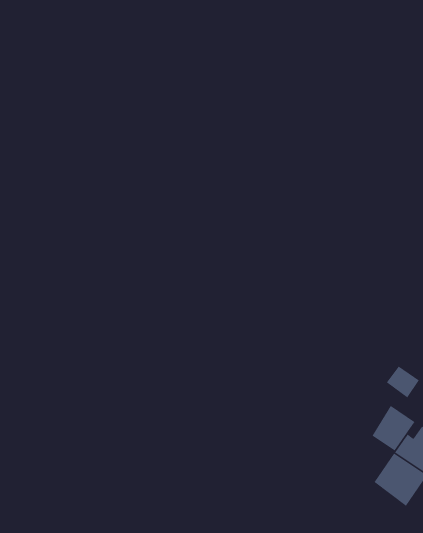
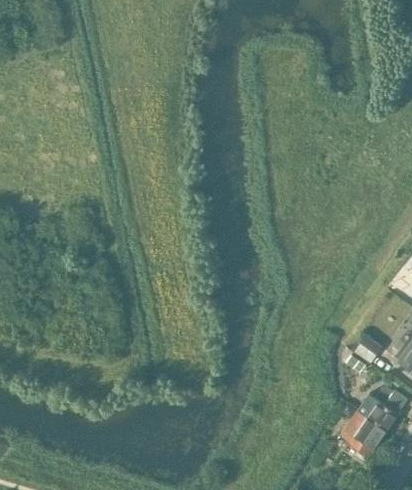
building: [371,405,415,451] -> none

